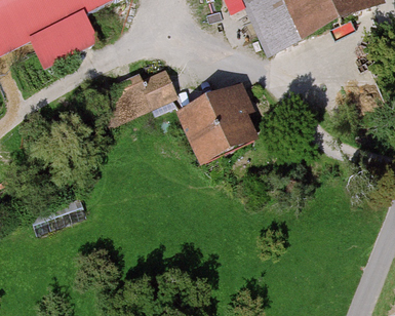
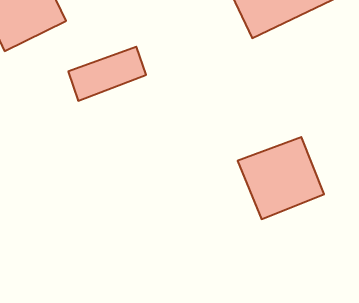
building: [177,86,260,164] -> [238,137,324,219]

